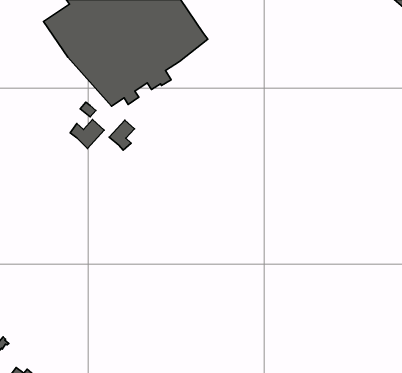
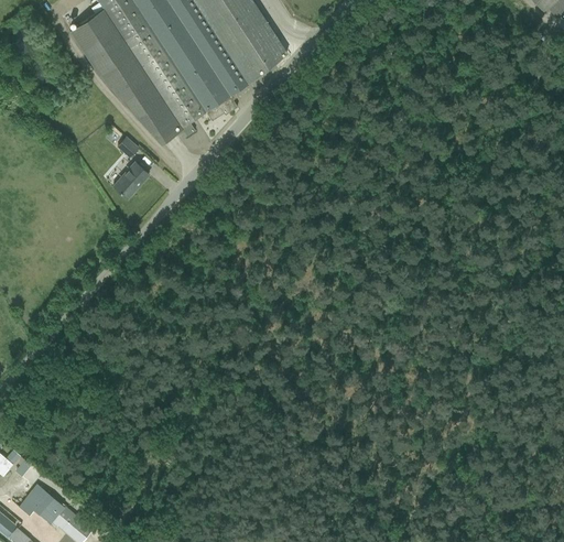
building: [109,120,134,150] -> none

